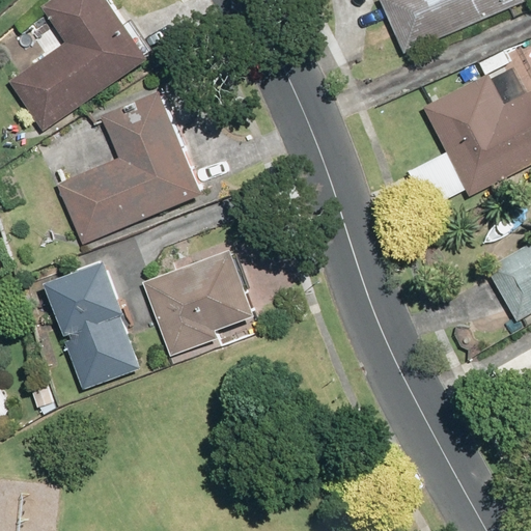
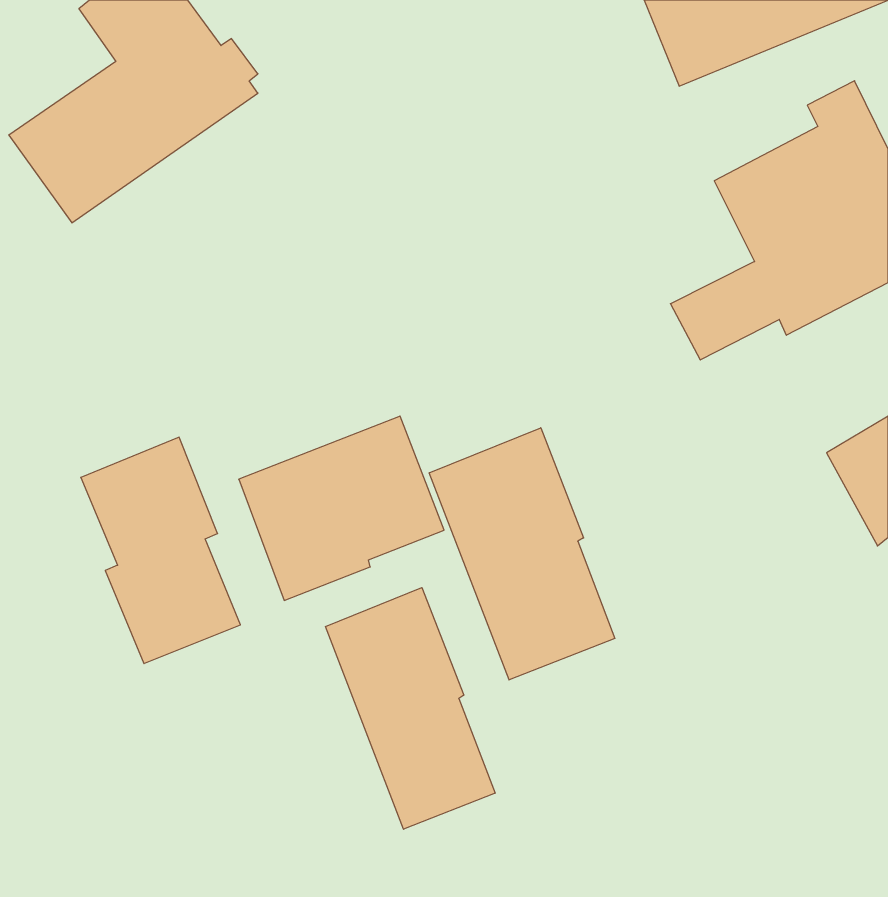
building: [57,88,211,244] -> none
building: none -> [429,428,615,680]
building: none -> [326,588,495,829]

